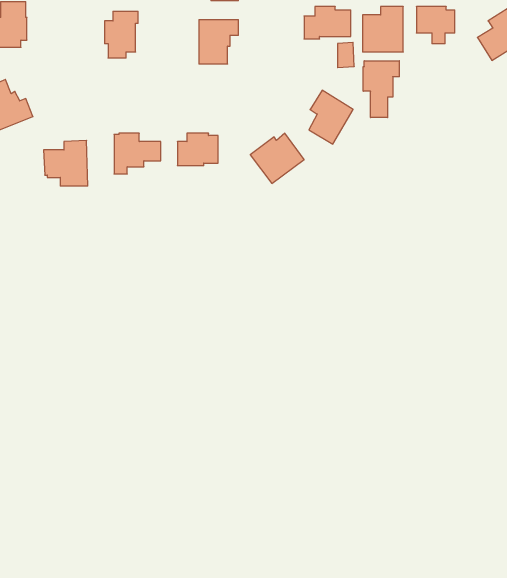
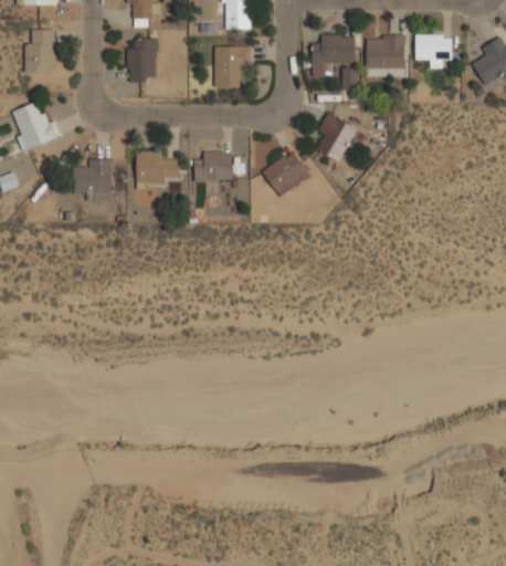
building: [363,61,399,118] -> none

